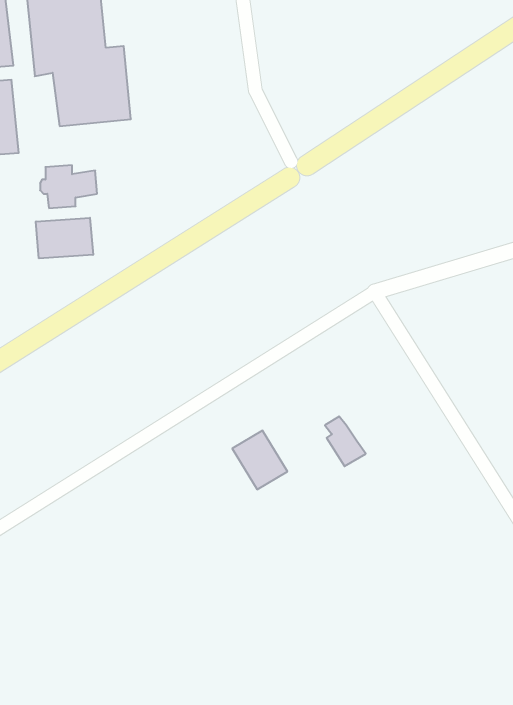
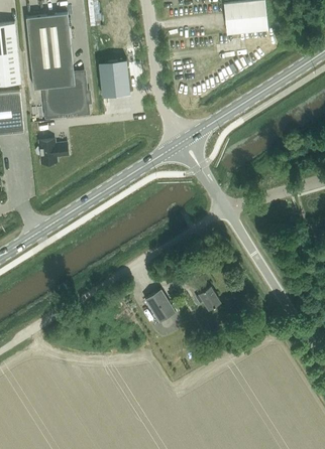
building: none -> [98,58,129,96]
building: [36,218,93,258] -> none

